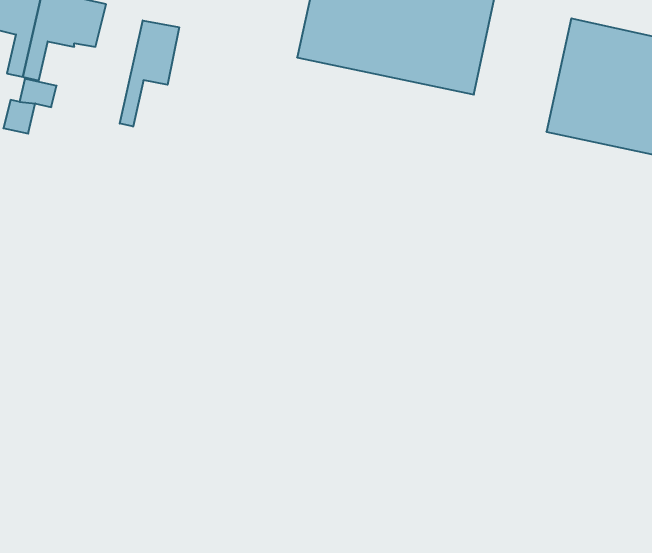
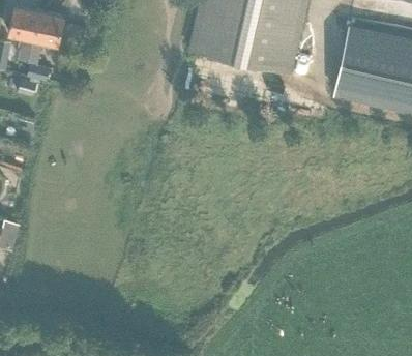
building: [120,20,179,127] -> none

